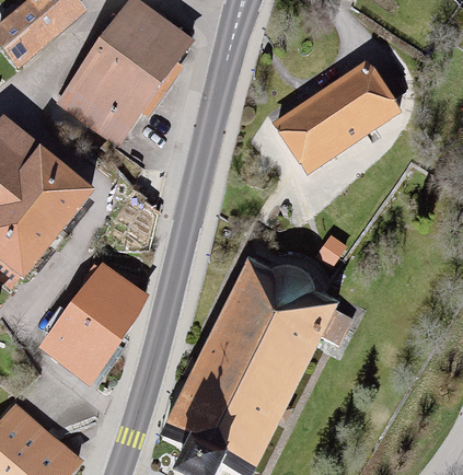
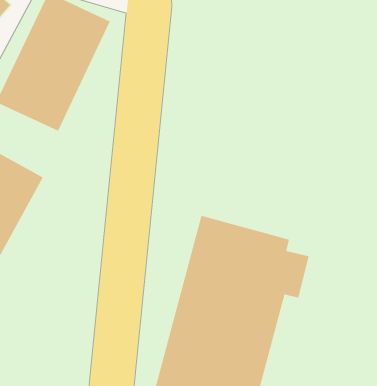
building: [258,59,391,173] -> none
building: [36,259,146,382] -> none

